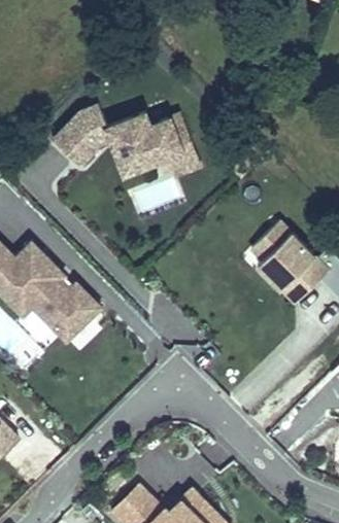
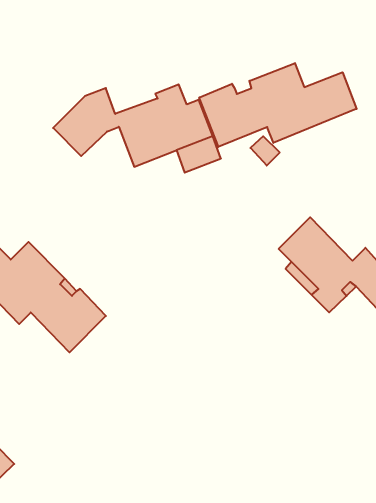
building: none -> [199,63,357,147]

